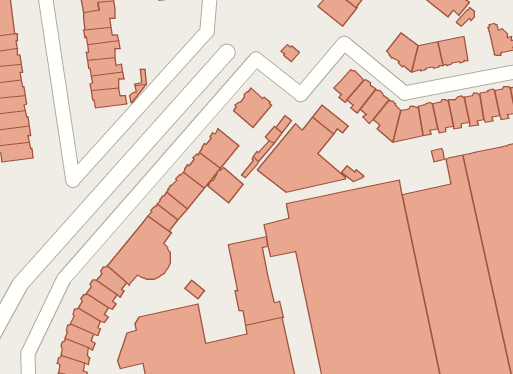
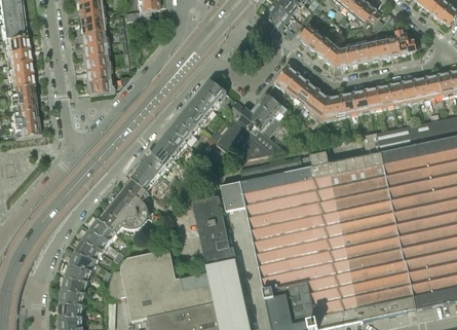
building: none -> [300,23,328,50]
building: none -> [377,31,401,58]
building: [208,167,243,203] -> [185,97,213,124]

